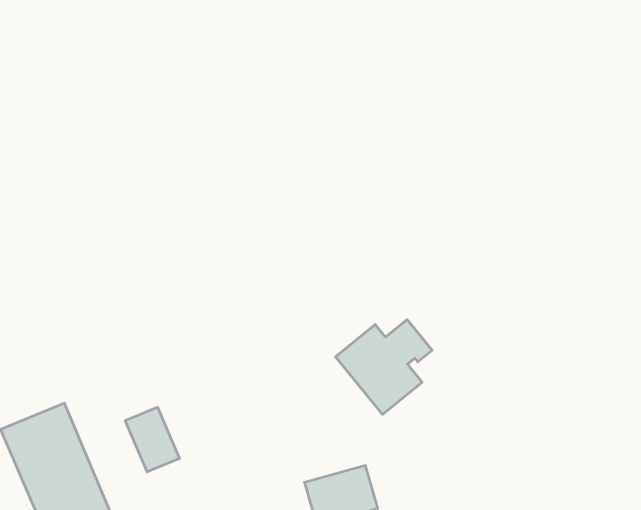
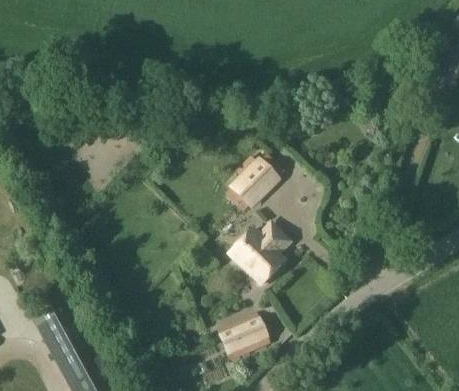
building: none -> [226,161,275,210]
building: [125,407,179,472] -> none

